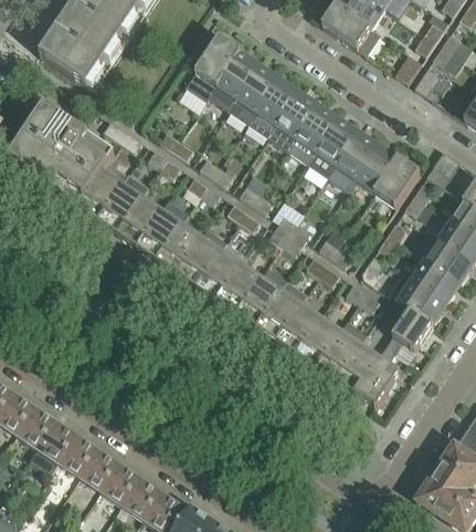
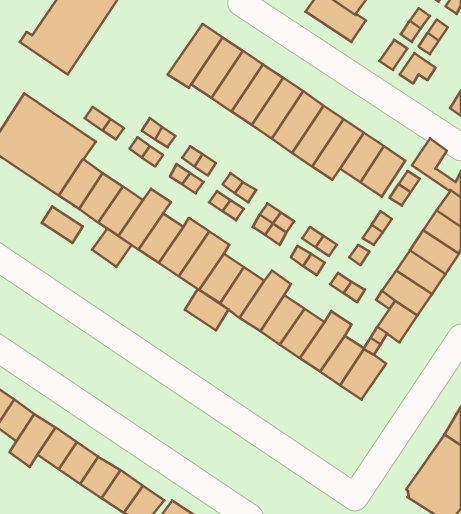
building: none -> [42,206,83,243]
building: none -> [92,229,131,267]
building: none -> [185,289,229,330]

